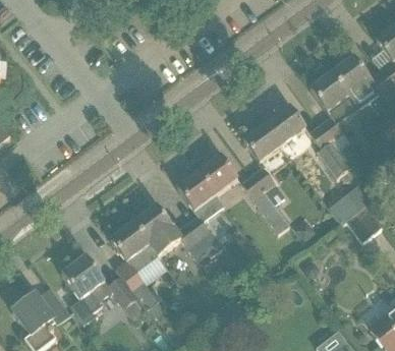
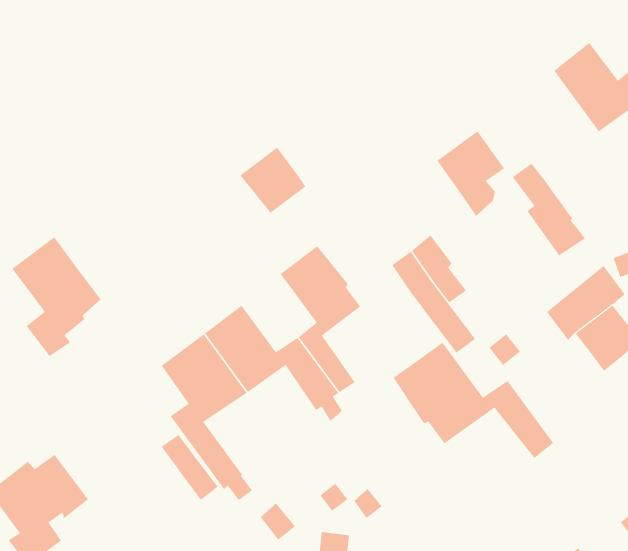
building: [308,71,356,139] -> none
building: [241,122,280,160] -> none
building: [198,154,235,191] -> [240,147,306,213]
building: none -> [393,342,554,459]
building: [60,254,111,323] -> [11,236,101,357]

